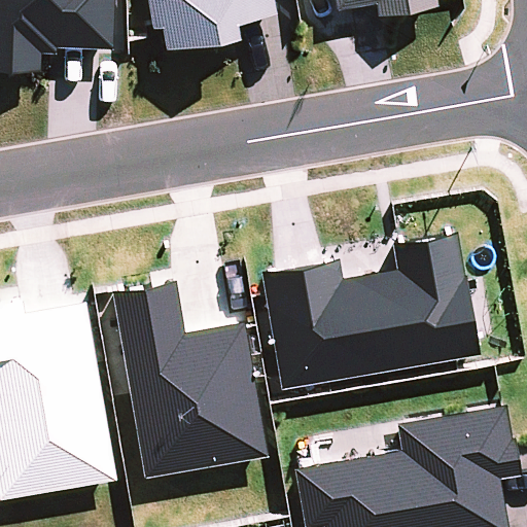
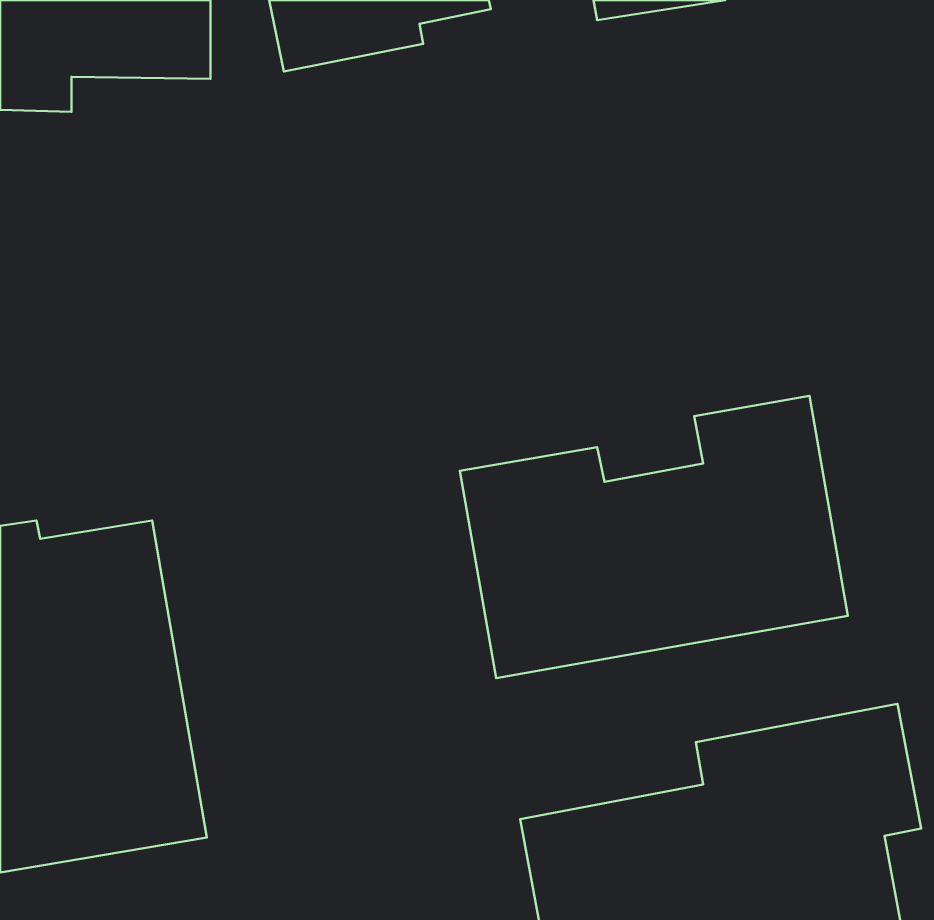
building: [110,280,269,480] -> none

